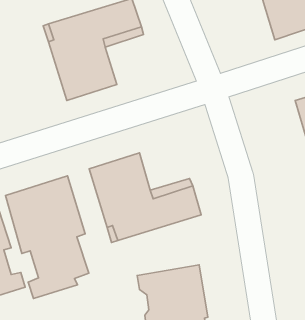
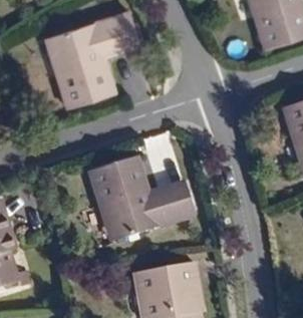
building: [5,176,89,298] -> none

